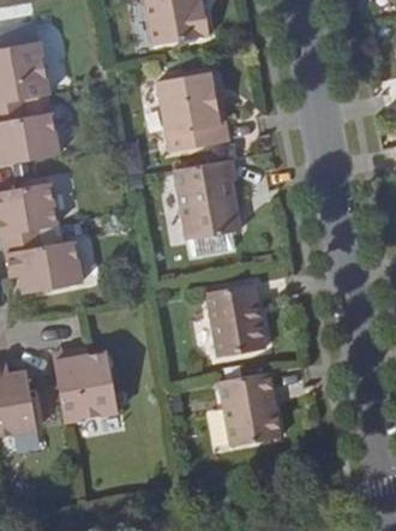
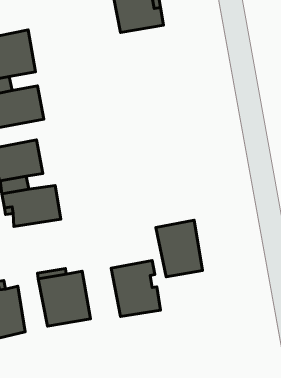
building: [160,73,229,153] -> none
building: [175,160,238,241] -> none
building: [216,374,280,446] -> [111,261,161,317]

